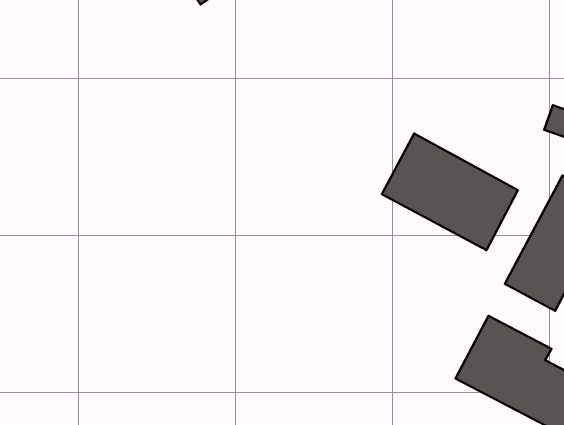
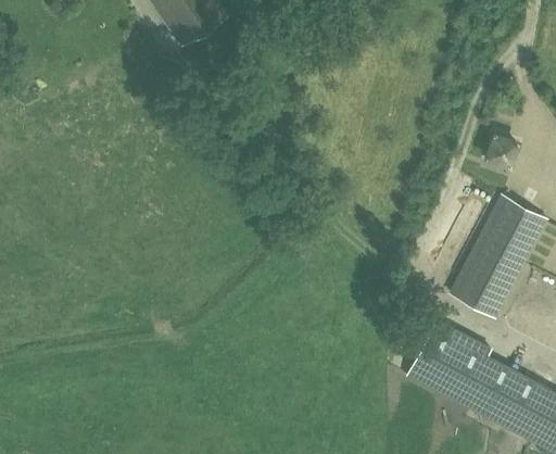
building: [382,133,518,250] -> none

